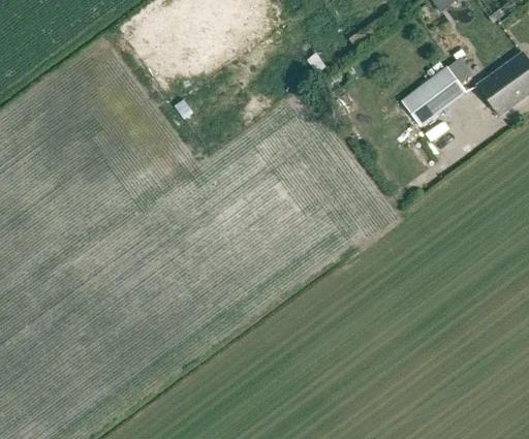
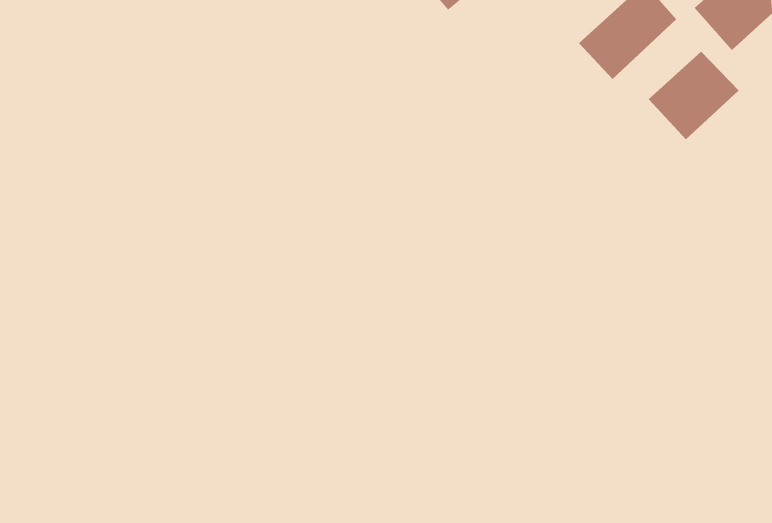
building: none -> [648,51,739,140]

